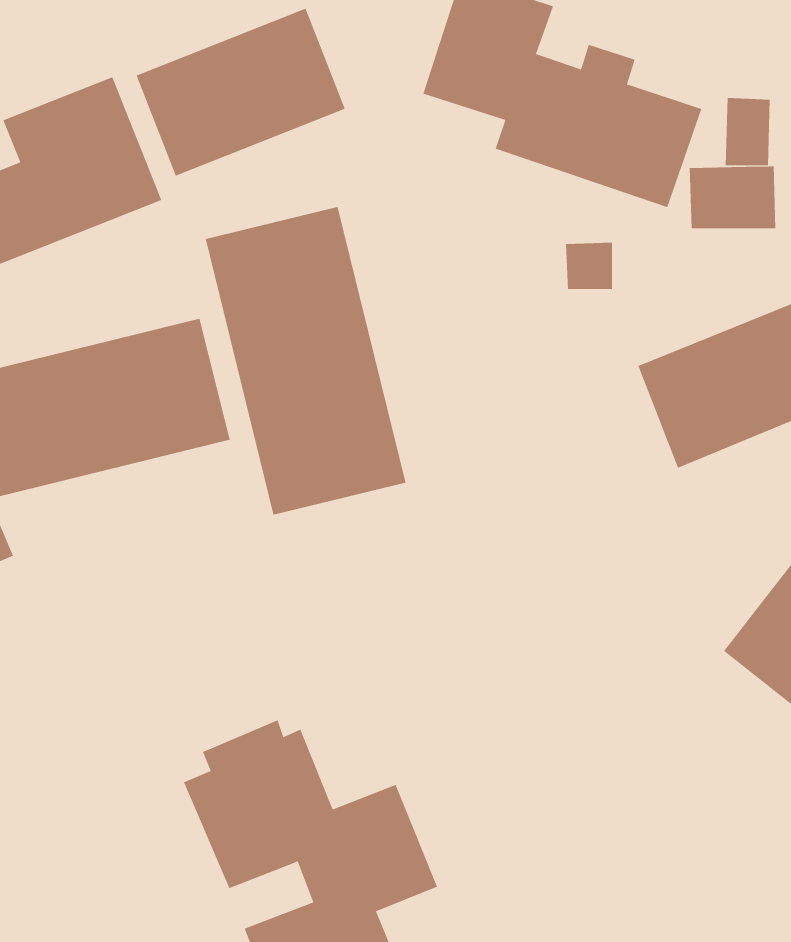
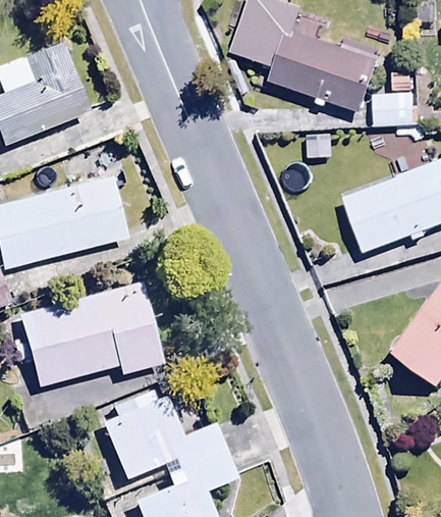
building: [136,8,346,176] -> none
building: [205,206,406,515] -> none
building: none -> [18,281,164,386]

